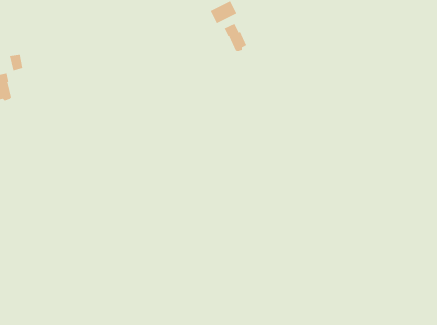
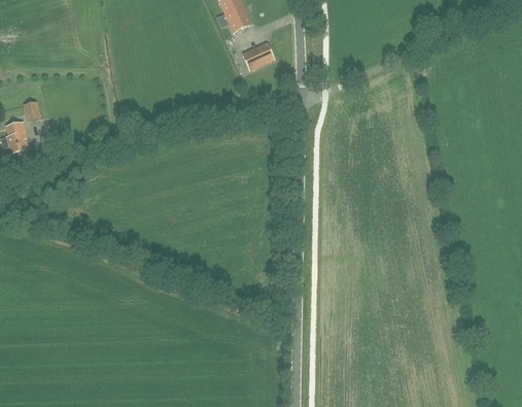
building: [224,23,247,52] -> none

